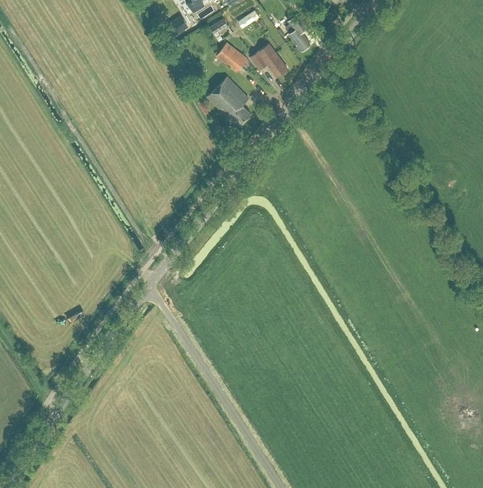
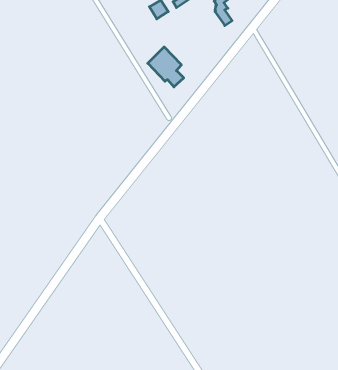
building: [215,42,247,73] -> none
building: [251,46,287,76] -> none

